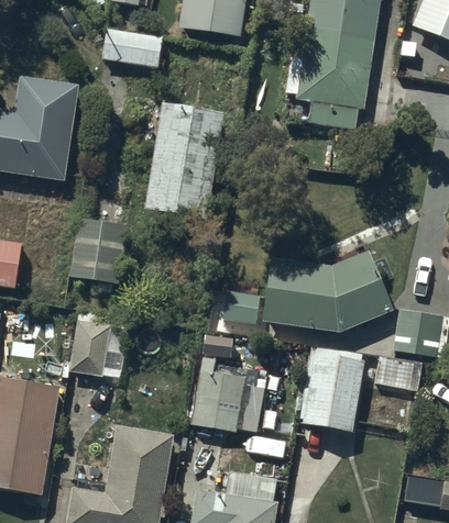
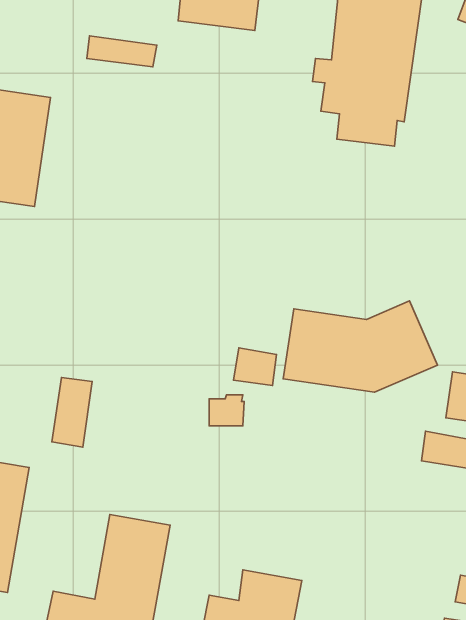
building: [149,104,222,219] -> none
building: [75,223,120,281] -> none
building: [305,356,363,430] -> none
building: [193,361,265,433] -> none

